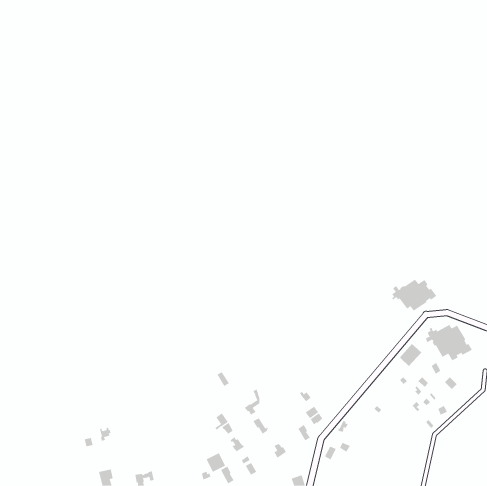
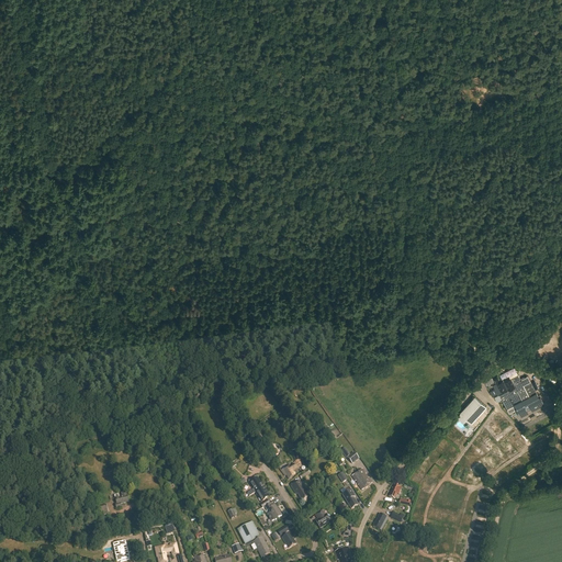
building: [392,279,437,311] -> none

